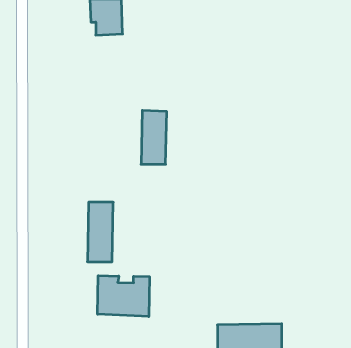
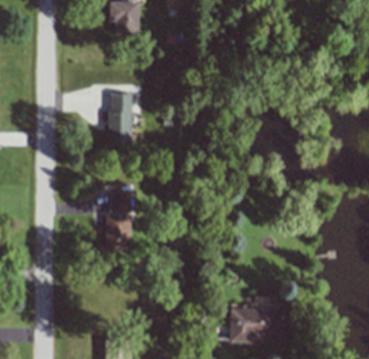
building: [141,110,167,164] -> [107,93,131,144]
building: [98,276,149,317] -> none

